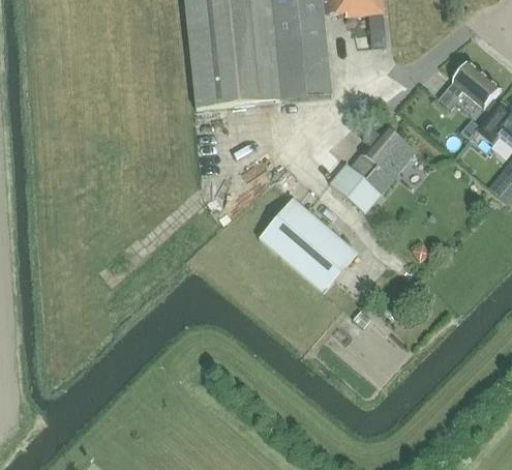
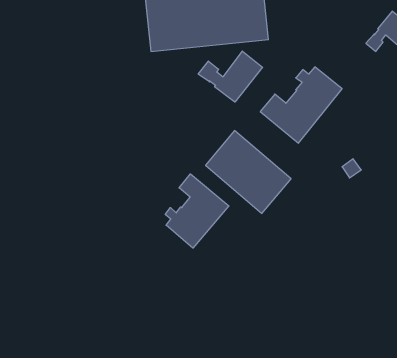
building: none -> [198,51,263,102]
building: none -> [165,174,229,248]

